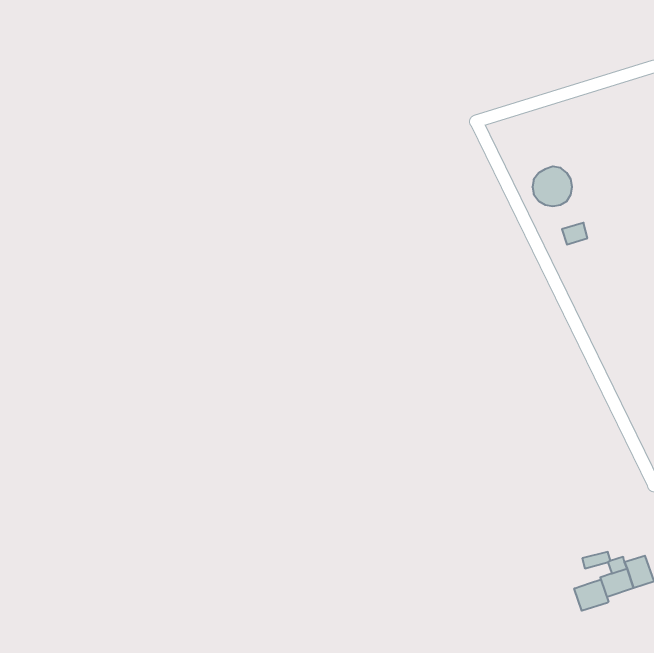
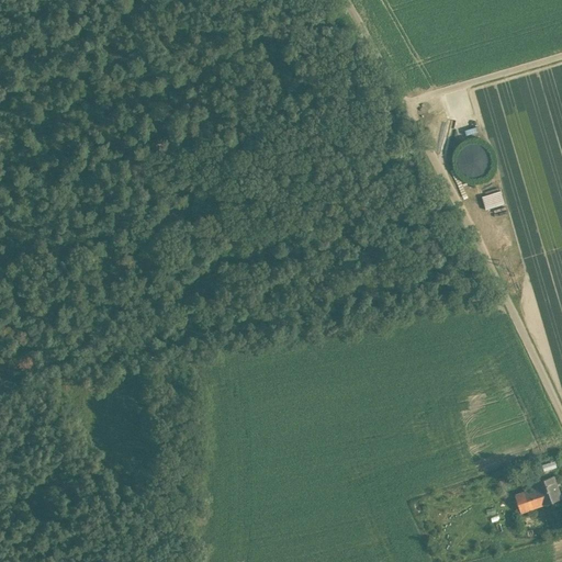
building: [574,580,608,611] -> none

